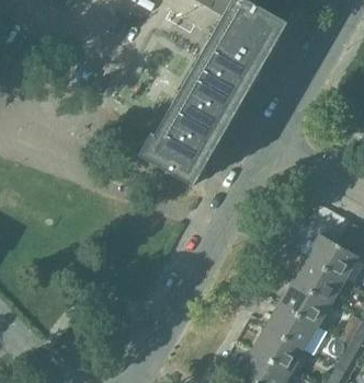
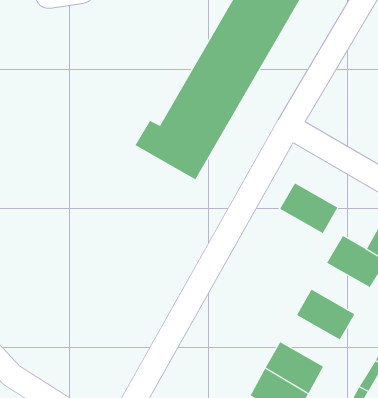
building: [293,258,344,303] -> [279,182,338,234]
building: [265,304,318,349] -> none

